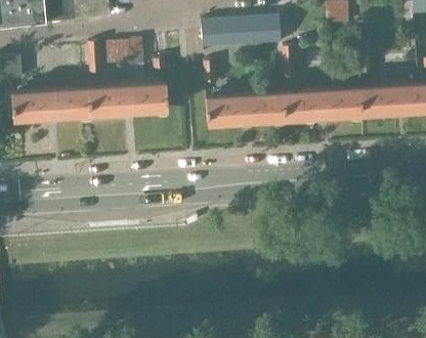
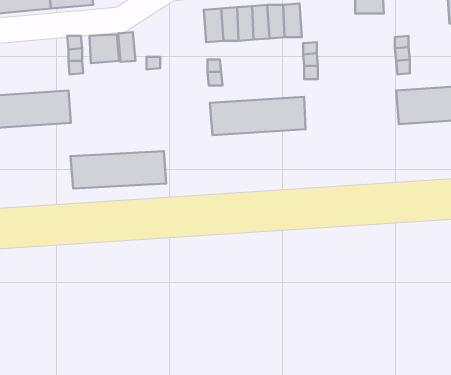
building: [89,83,168,114] -> [71,151,166,188]
building: [284,87,361,119] -> none

